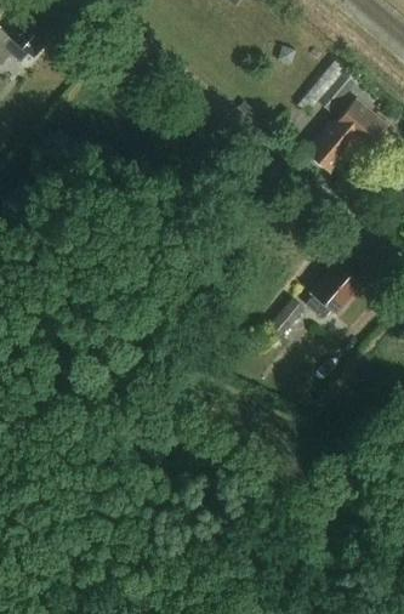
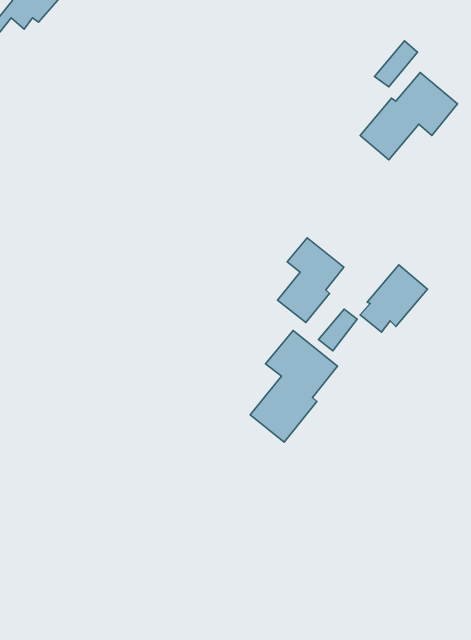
building: none -> [278,238,344,323]
building: none -> [250,331,337,442]

